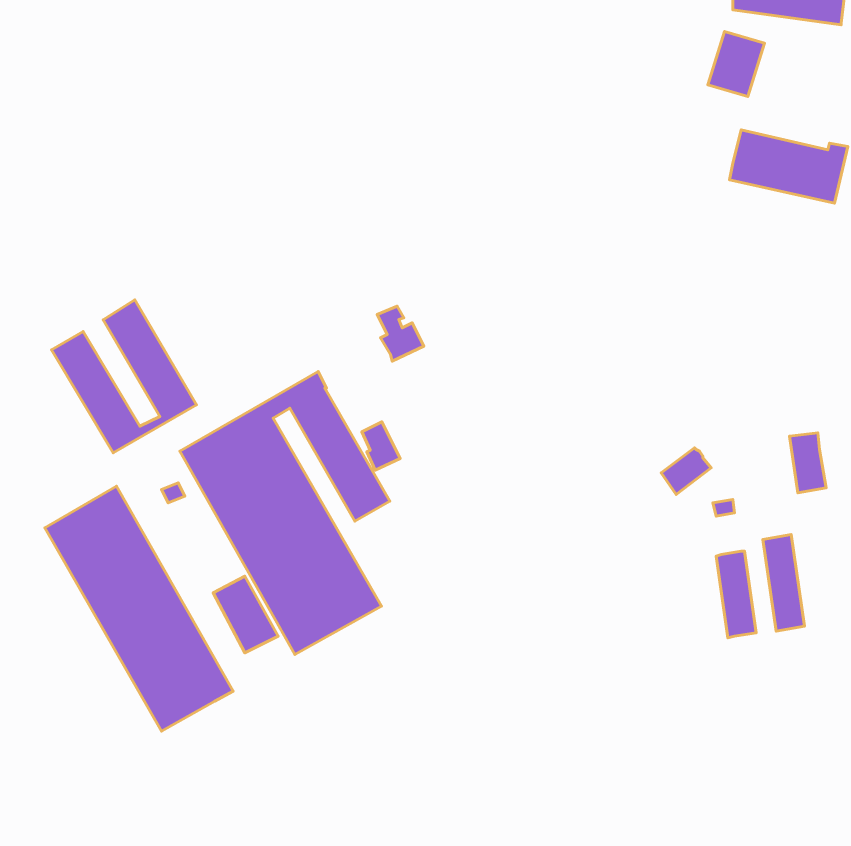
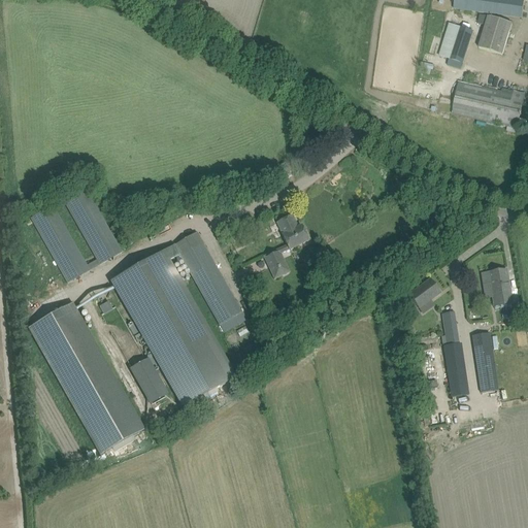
building: none -> [478,13,512,53]
building: [377,306,424,361] -> [279,213,308,248]
building: [362,422,400,470] -> [266,246,290,276]

